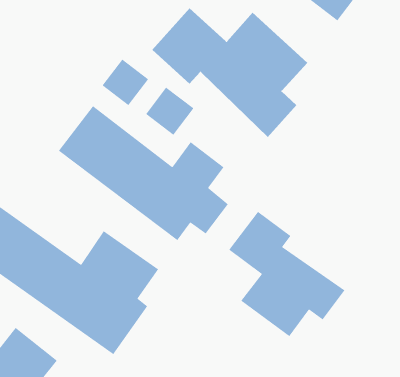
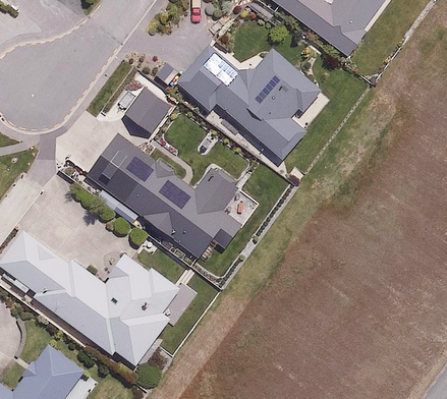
building: [145,87,195,136] -> none
building: [228,211,346,337] -> none

